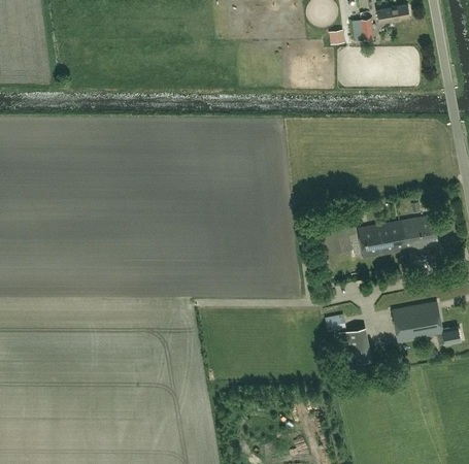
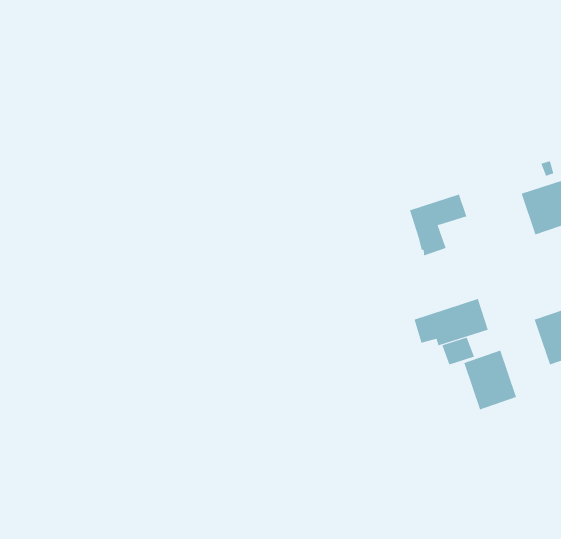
building: [358,222,400,258] -> none
building: none -> [414,298,489,346]

